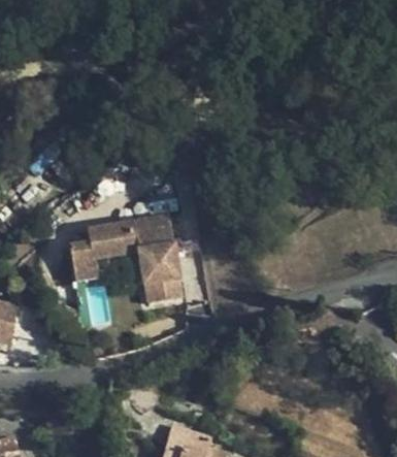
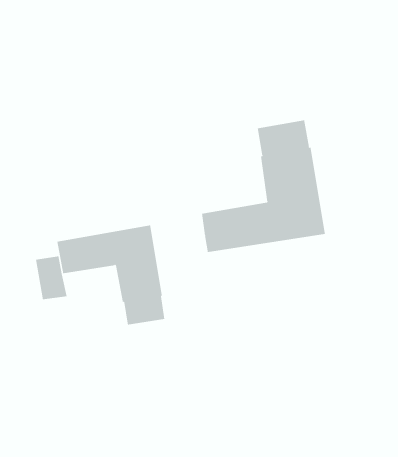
building: none -> [202,119,325,253]

